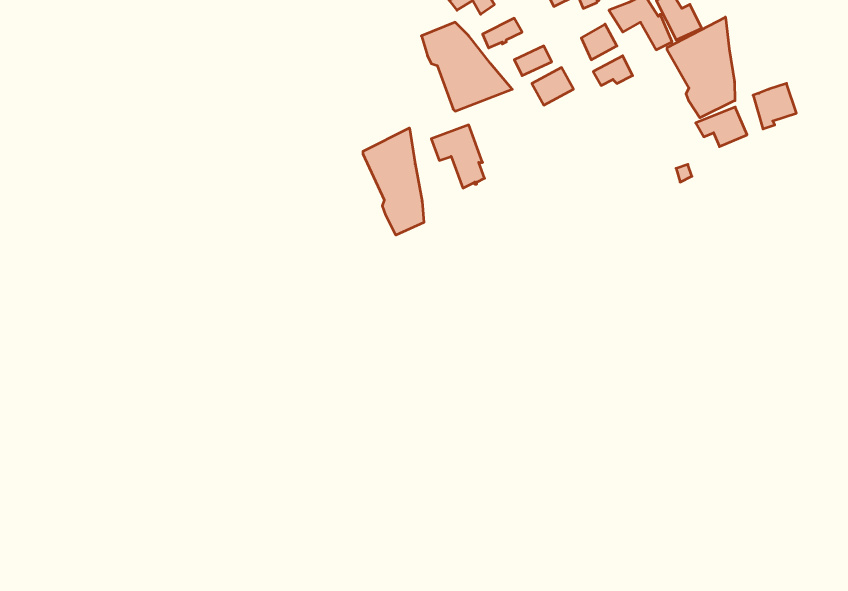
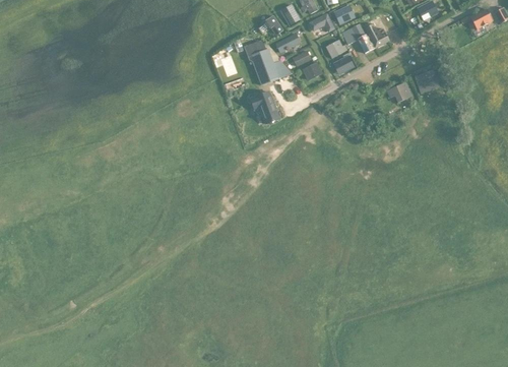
building: [667,17,735,118] -> none
building: [363,128,424,235] -> none

